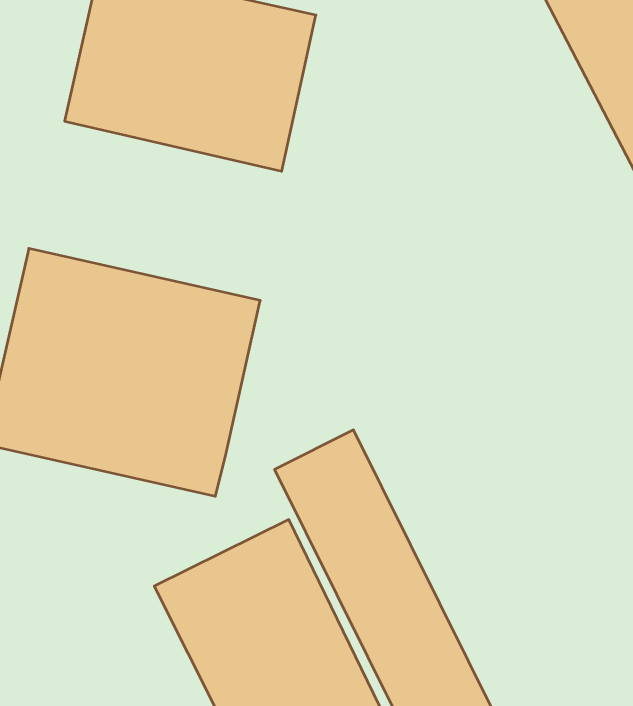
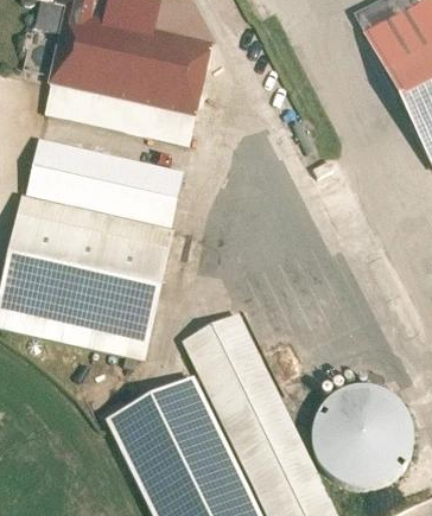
building: none -> [26,139,183,228]
building: none -> [311,382,412,484]

